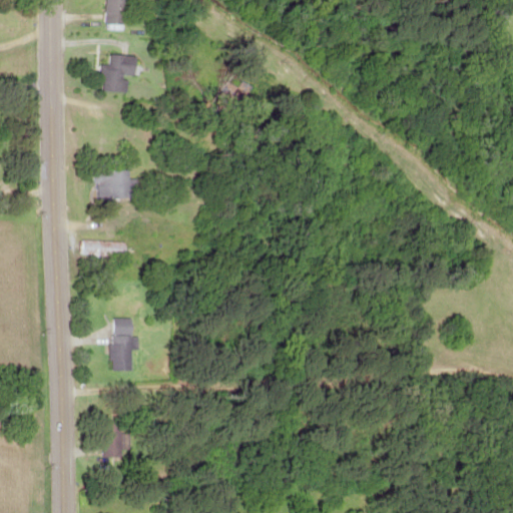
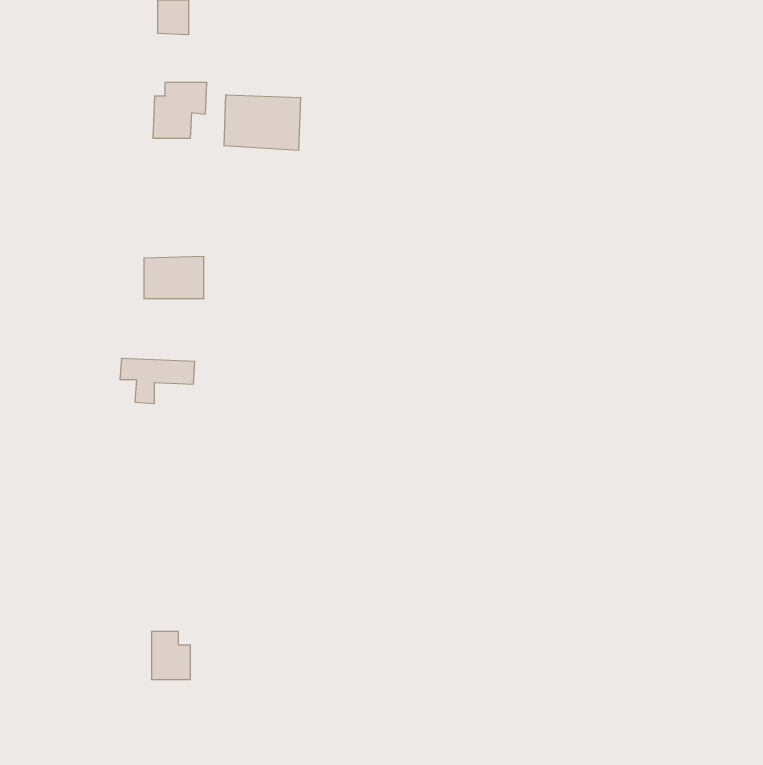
building: none -> [224,95,300,150]
building: [110,318,134,371] -> none

